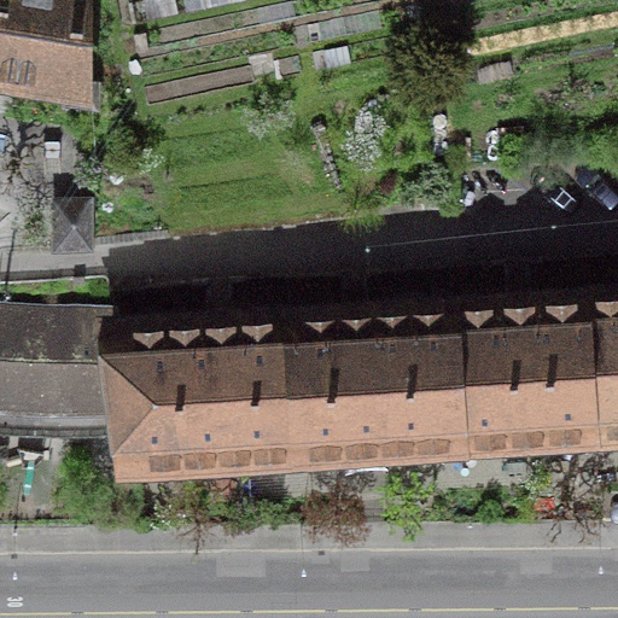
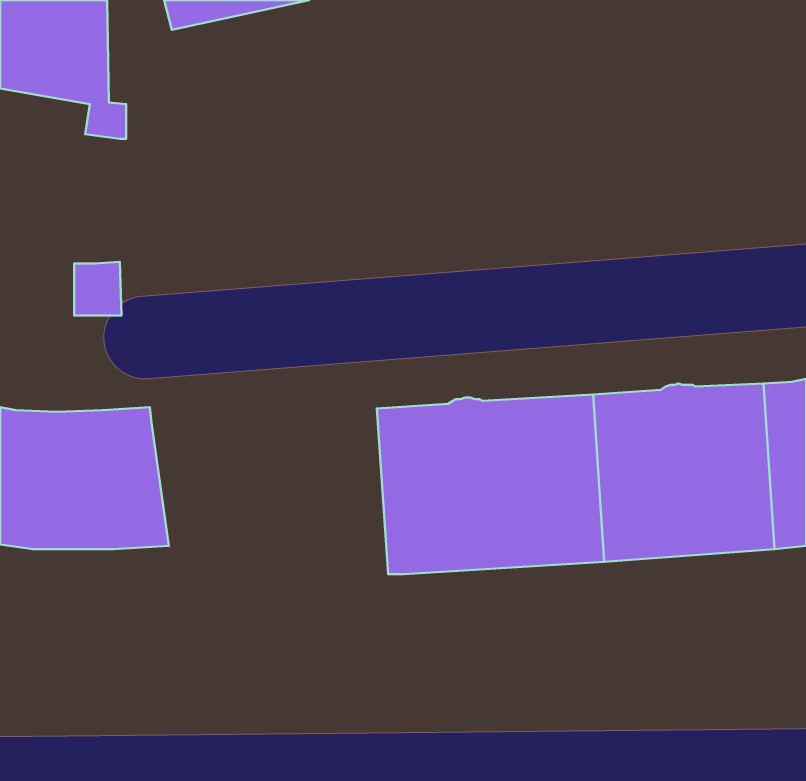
building: [116,332,297,470] -> none

